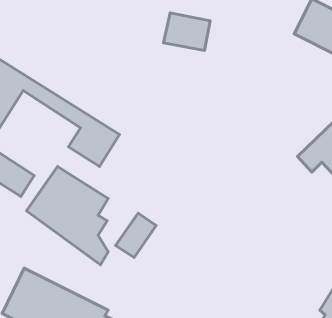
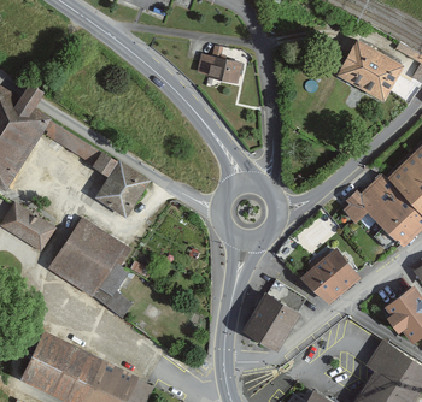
building: none -> [301,247,358,303]
building: [115,213,156,258] -> none
building: none -> [241,290,299,350]

